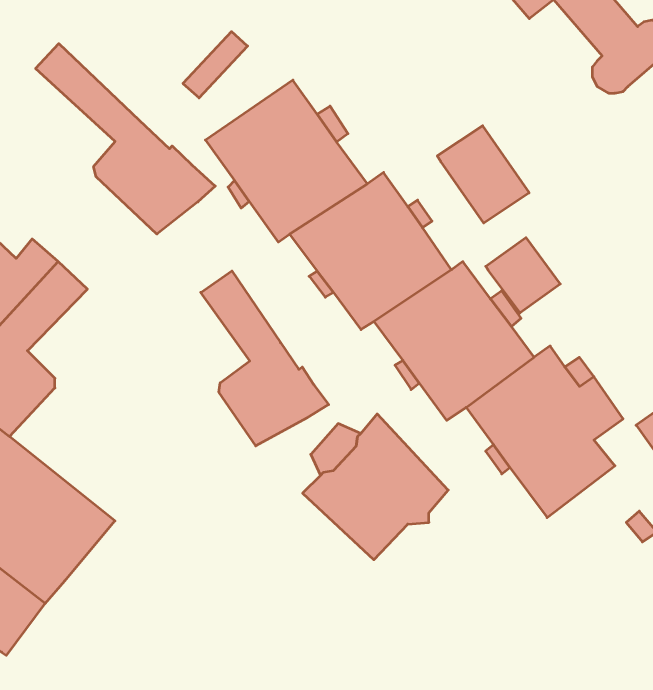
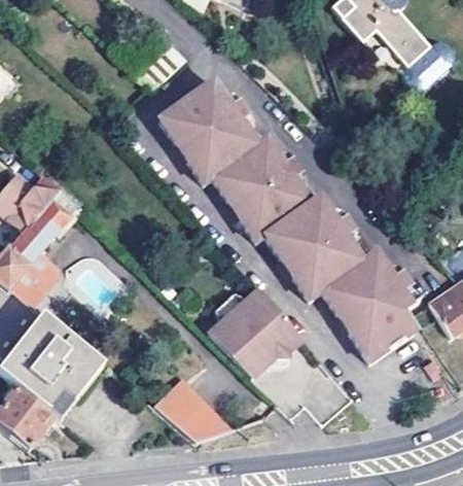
building: [36,44,215,234] -> none
building: [437,126,529,223] -> none
building: [486,238,560,313] -> none
building: [201,271,329,446] -> none
building: none -> [161,390,230,438]

